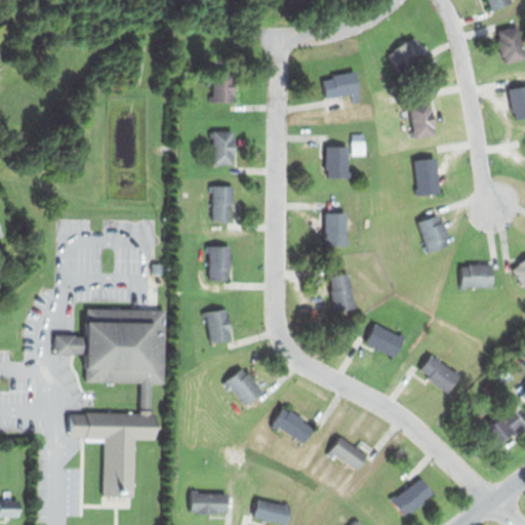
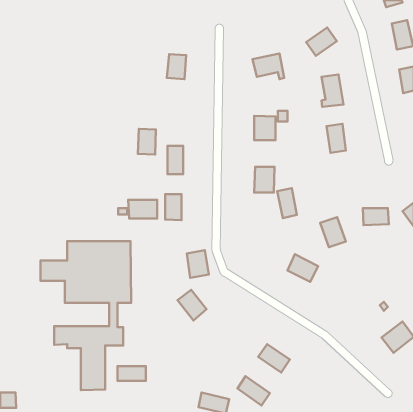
building: [211,132,234,165] -> [138,129,156,155]
building: [417,215,450,253] -> [320,217,346,247]
building: none -> [128,200,157,218]
building: [329,273,354,311] -> [277,188,297,218]
building: [205,310,233,345] -> [187,250,209,278]
building: [419,356,459,394] -> none
building: [273,409,314,446] -> [237,376,270,405]
building: [391,478,433,518] -> none
building: [191,494,227,513] -> [118,366,146,381]

